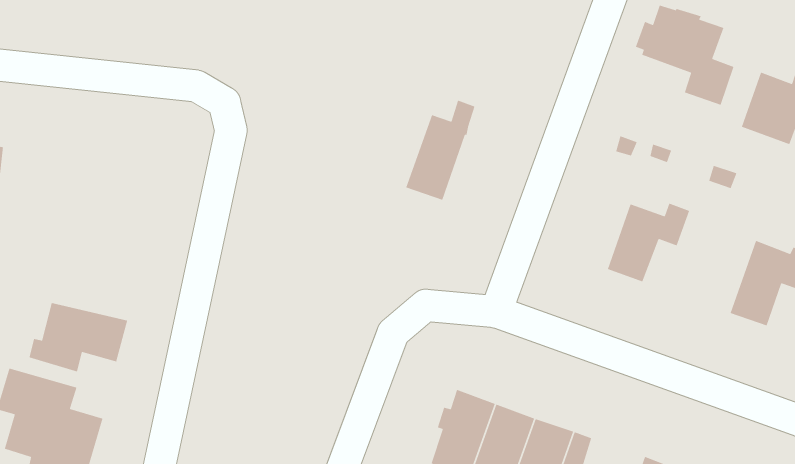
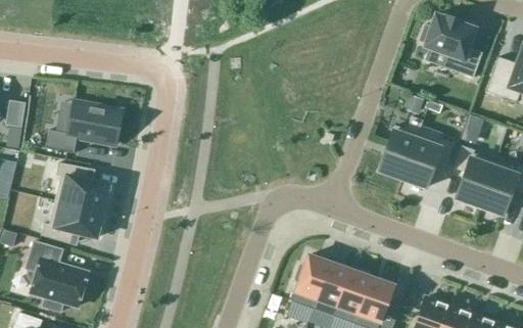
building: [405,99,475,201] -> [379,115,423,179]
building: none -> [46,102,122,153]
building: none -> [455,144,495,206]
building: none -> [55,161,109,210]

